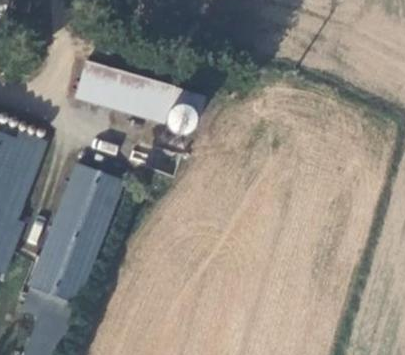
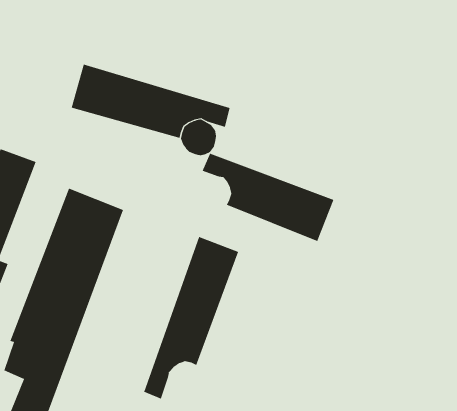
building: none -> [202,153,334,242]
building: none -> [144,236,239,399]

